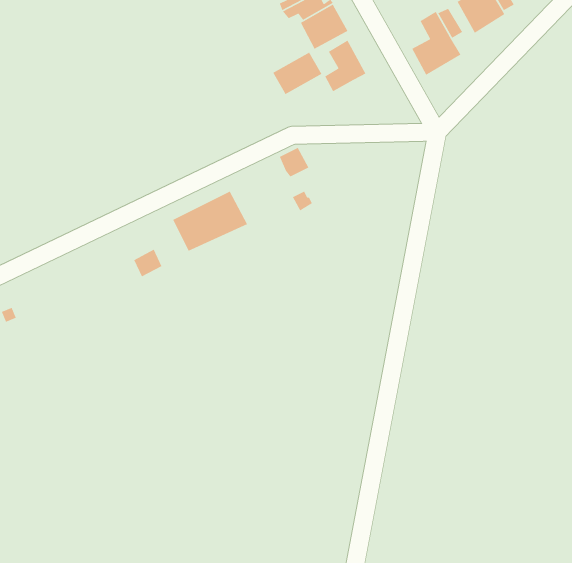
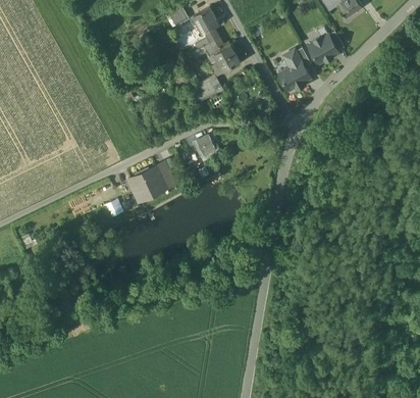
building: [324,39,366,92] -> none

